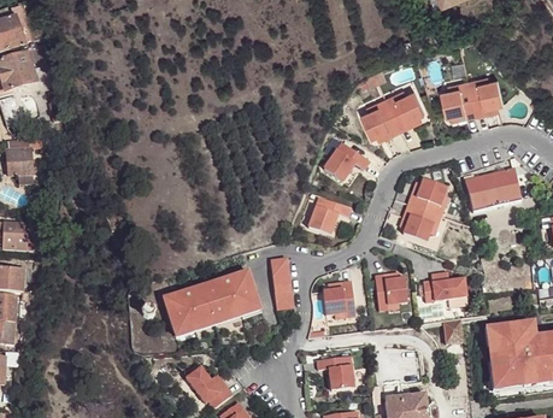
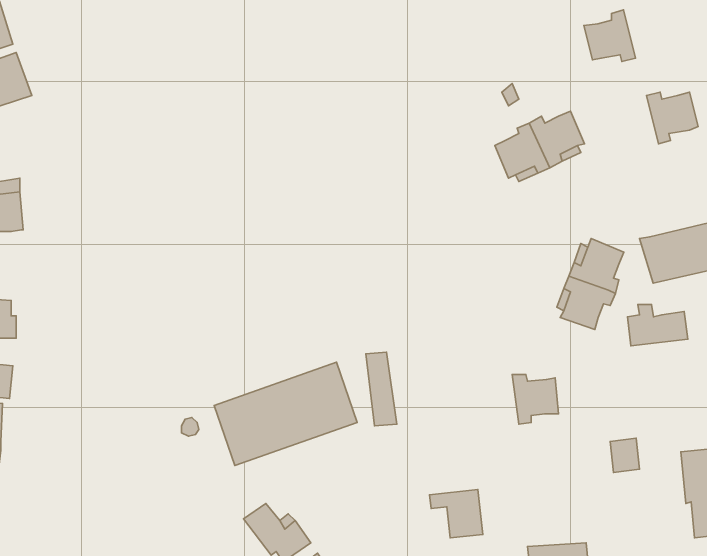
building: [440,80,476,116] -> [584,10,636,62]
building: [323,141,369,179] -> none
building: [307,195,349,234] -> none
building: [423,276,465,305] -> [628,305,688,346]
building: [322,281,354,317] -> none

